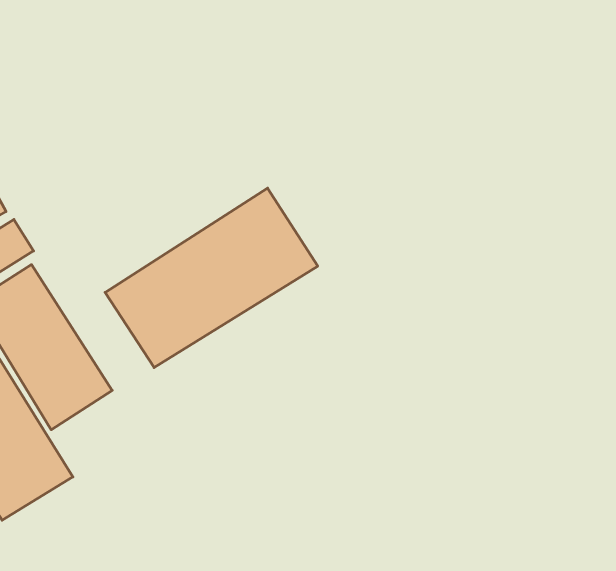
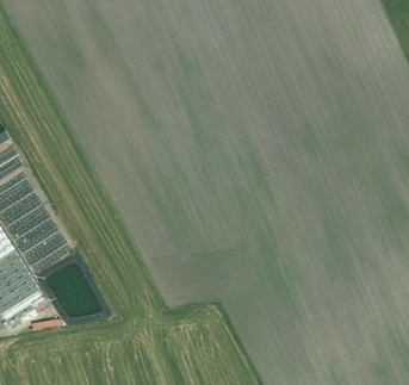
building: [105,188,318,368] -> none

